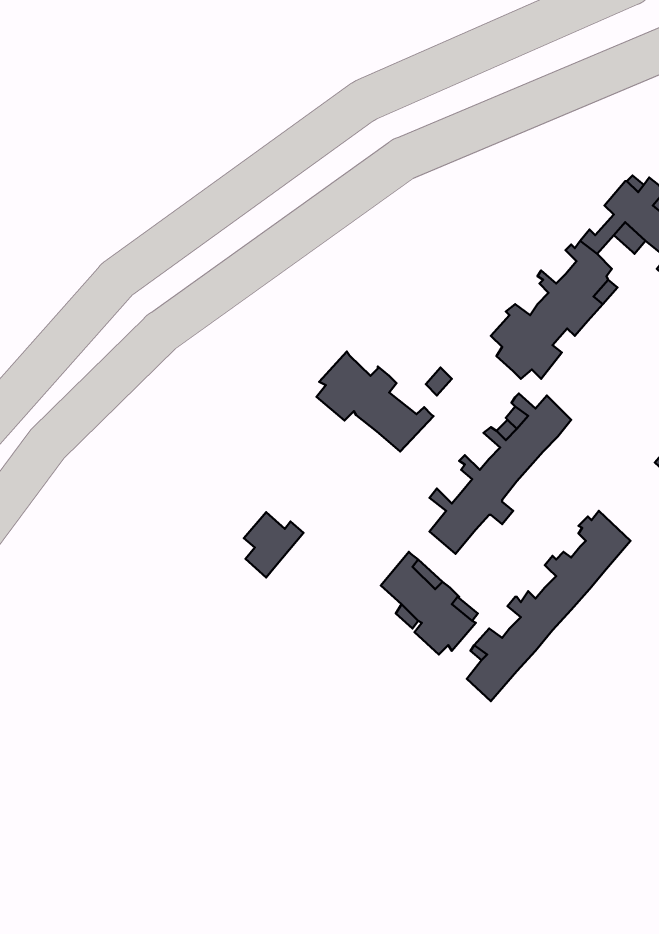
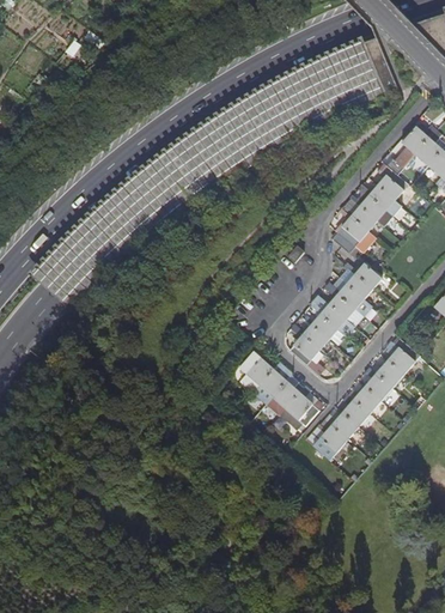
building: [317,351,434,452] -> none
building: [244,512,303,577] -> [238,352,276,394]

